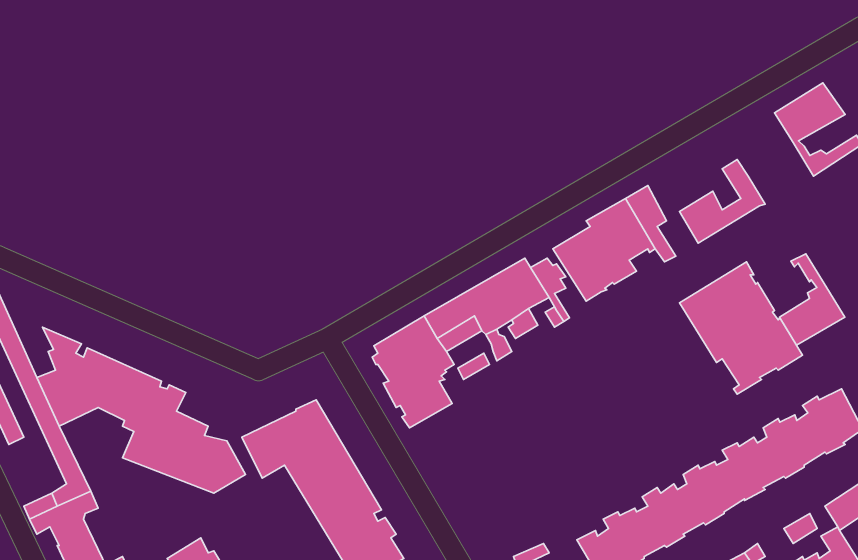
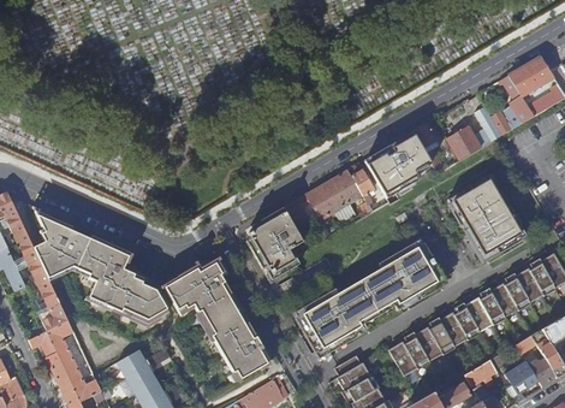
building: [780,254,845,345] -> [492,76,534,135]
building: none -> [297,247,440,347]

